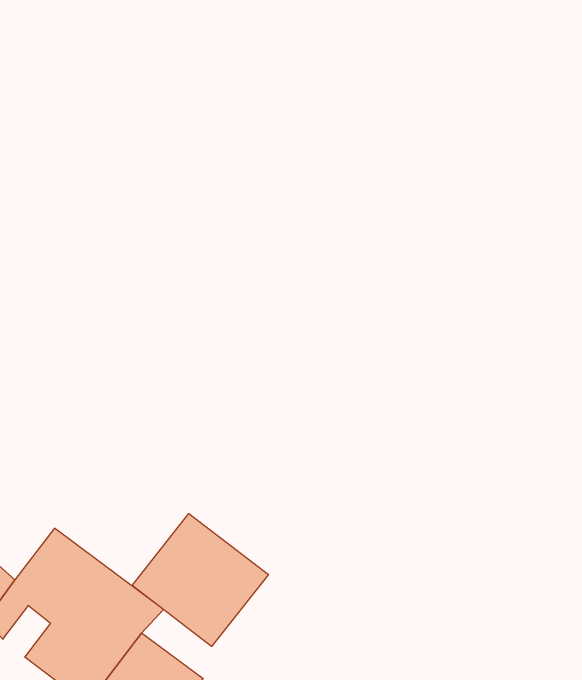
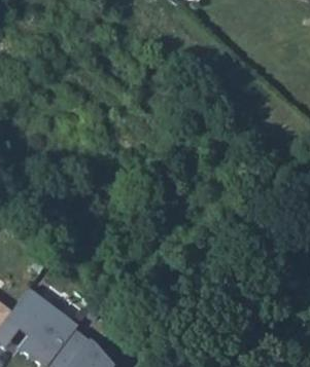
building: [132,514,268,646] -> none

